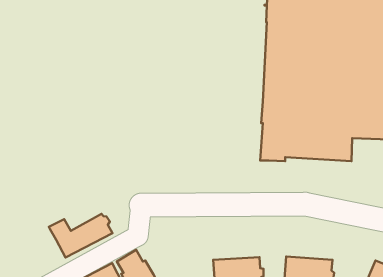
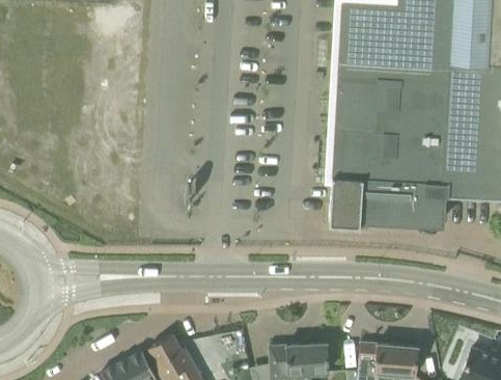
building: [49,214,112,258] -> none

